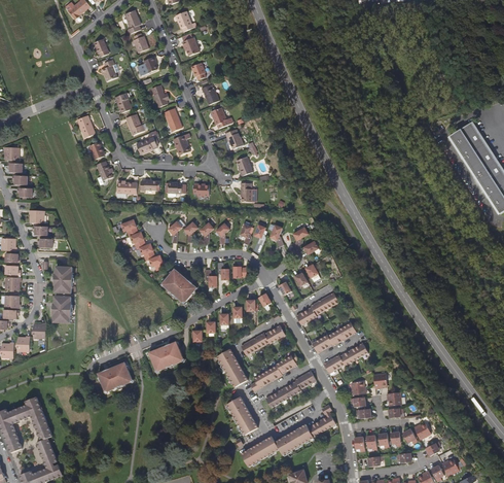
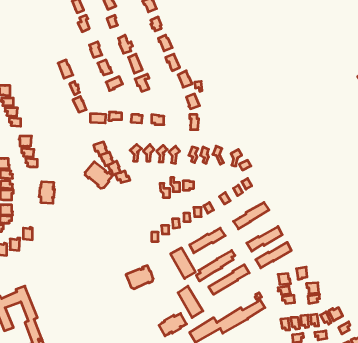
building: [163,268,196,301] -> [85,162,112,188]
building: [52,297,71,323] -> none
building: [148,340,182,369] -> [126,266,153,289]
building: [97,360,133,390] -> none
building: none -> [159,313,187,336]

